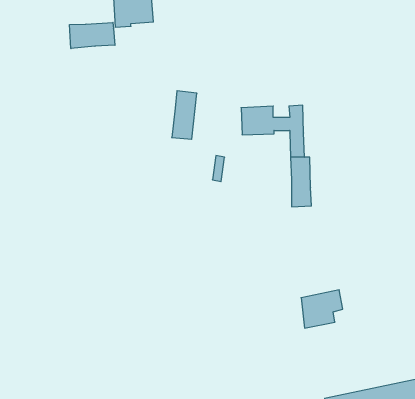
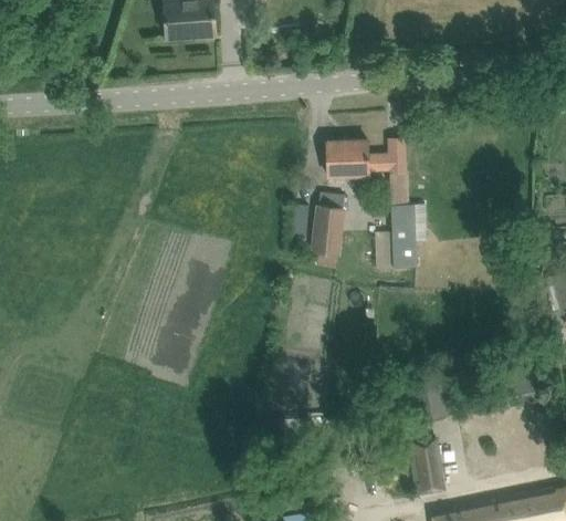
building: [70,22,115,49] -> none
building: [172,91,197,139] -> [313,195,345,257]
building: none -> [408,440,444,497]

